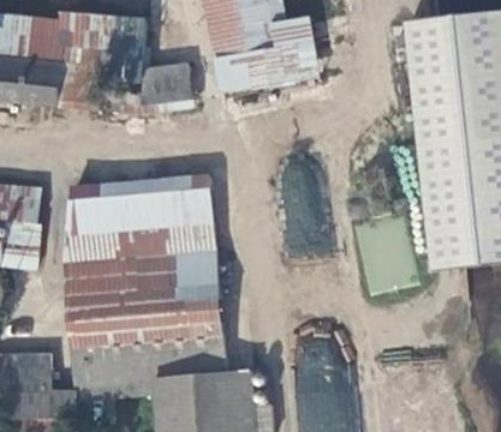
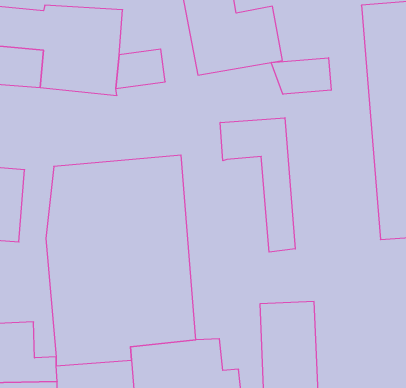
building: none -> [271,58,331,94]
building: none -> [220,118,295,252]

